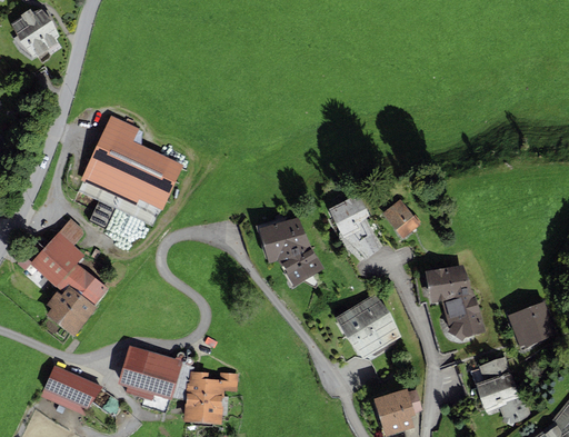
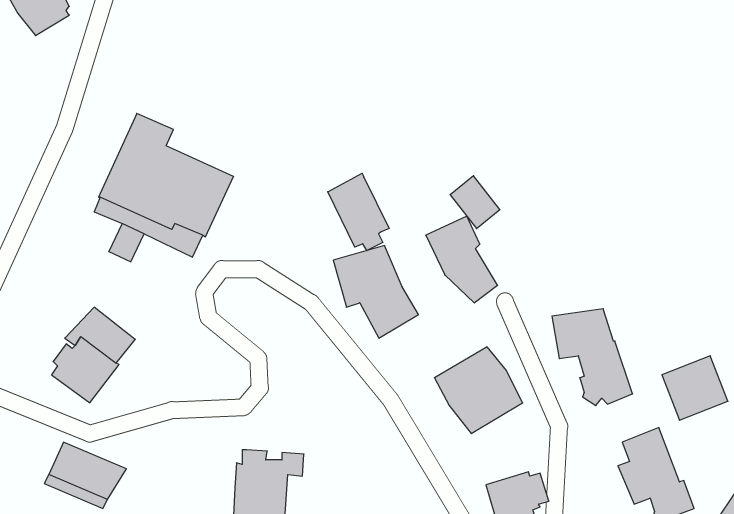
building: none -> [328,173,389,251]
building: [382,199,420,239] -> [450,176,500,229]
building: [17,219,84,287] -> none
building: [117,345,193,400] -> none

